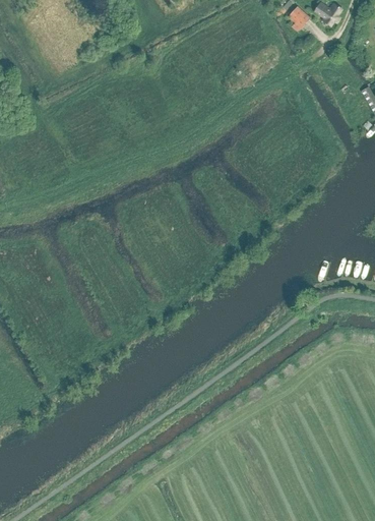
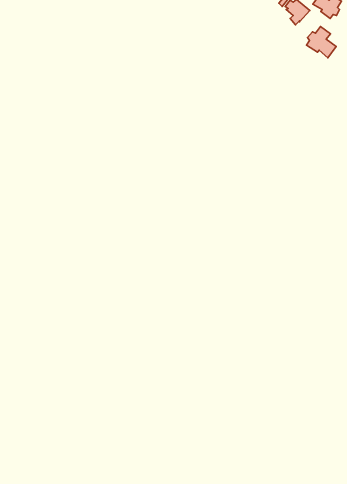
building: none -> [306,27,336,58]

